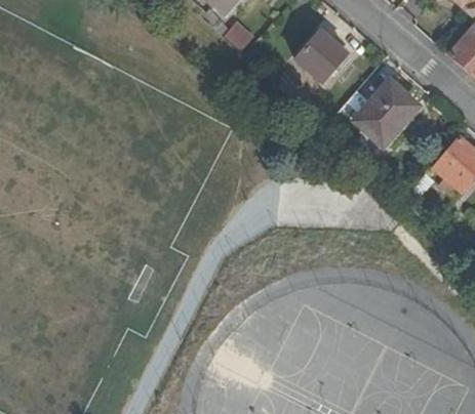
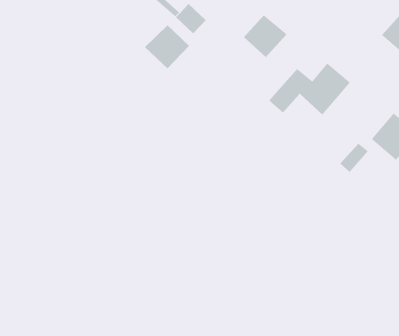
building: none -> [144,24,190,69]

